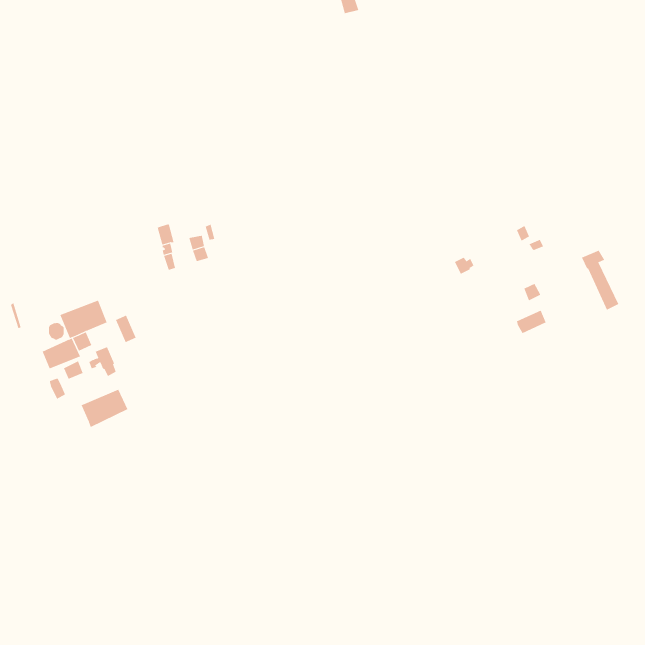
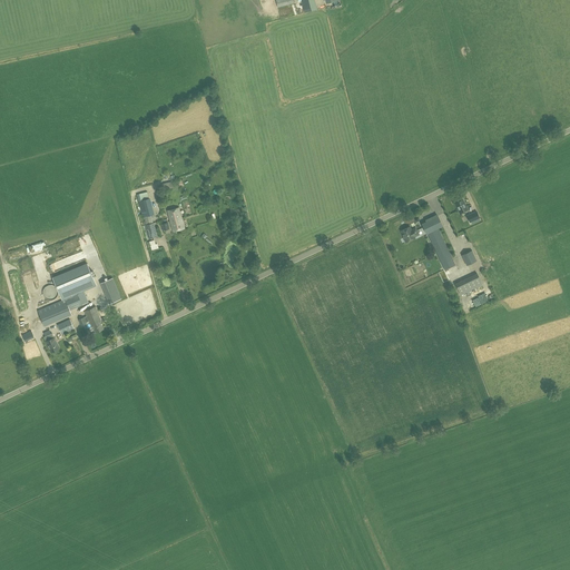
building: [581,250,619,311] -> [421,216,454,269]
building: [81,389,128,428] -> none

